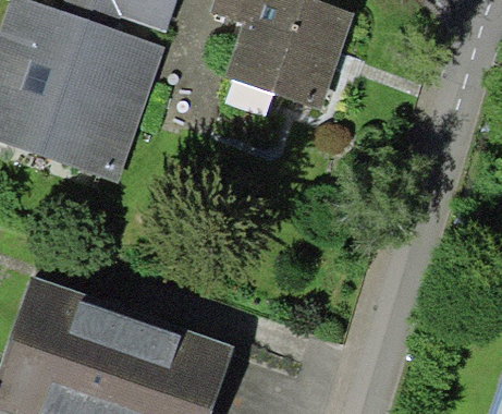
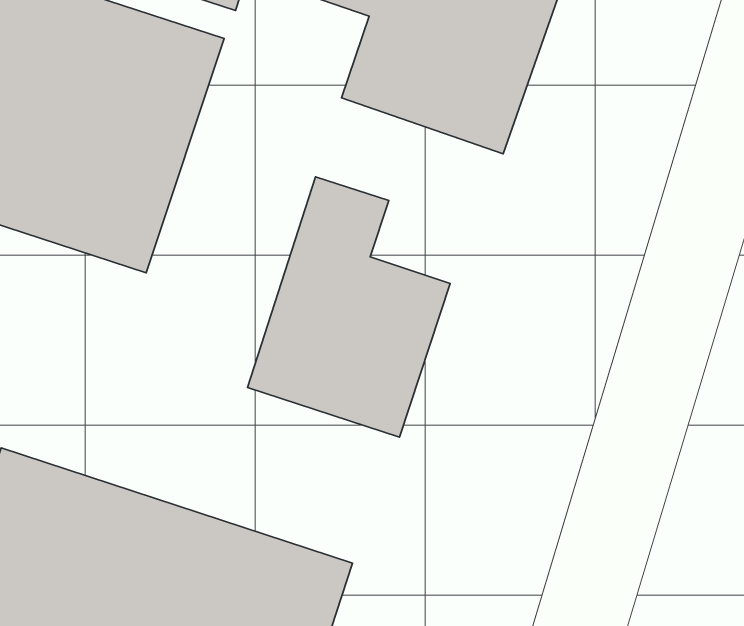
building: none -> [248,177,450,437]

